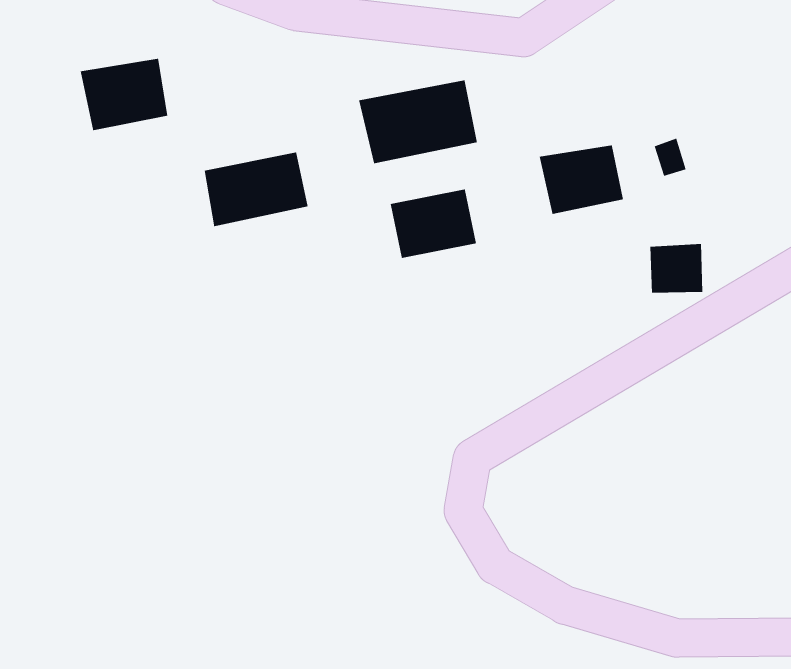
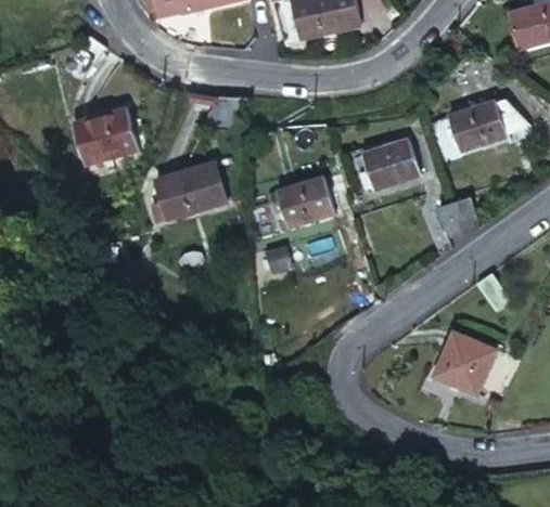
building: [359,79,478,164] -> none
building: none -> [453,101,506,147]
building: none -> [436,336,495,395]

